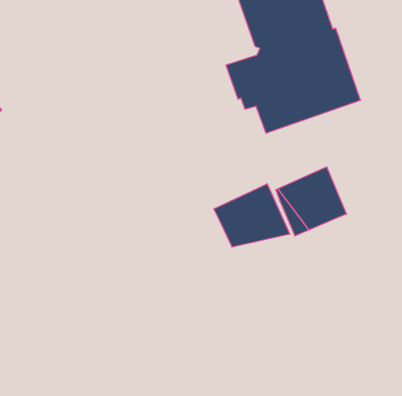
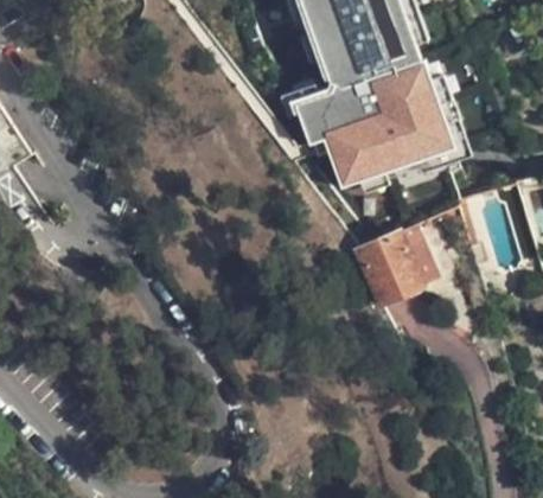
building: [214,184,290,247] -> none

